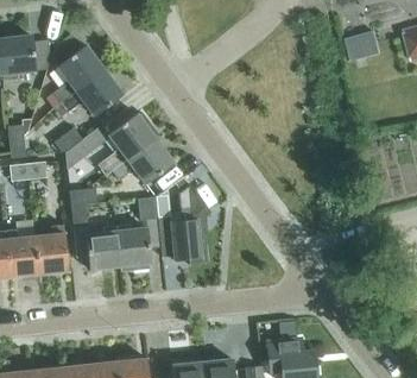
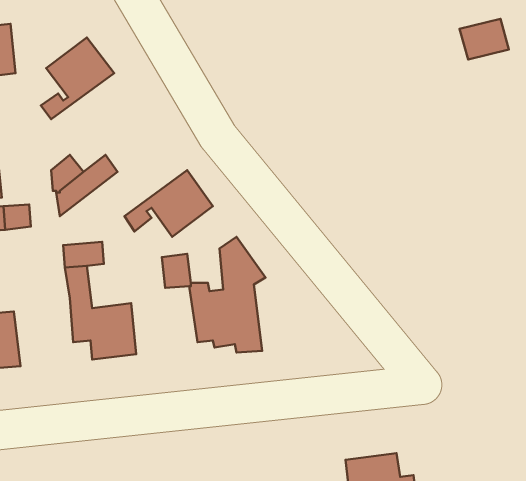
building: [59,70,121,115] -> none
building: [103,113,154,170] -> none
building: [33,225,68,275] -> none
building: [115,228,150,266] -> none

